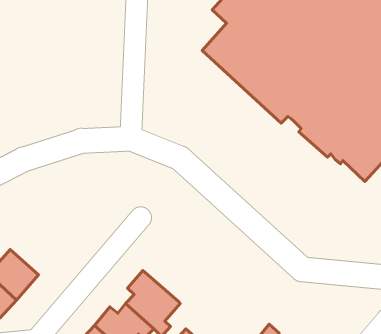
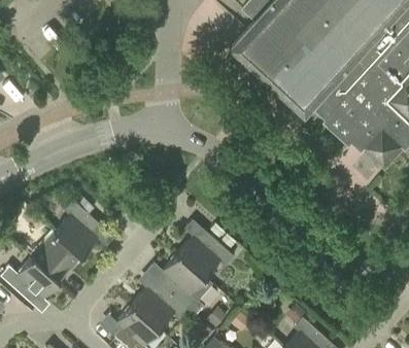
building: none -> [53,201,99,258]
building: none -> [177,234,234,283]

